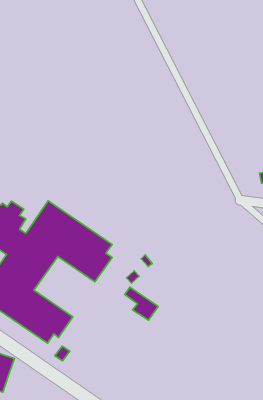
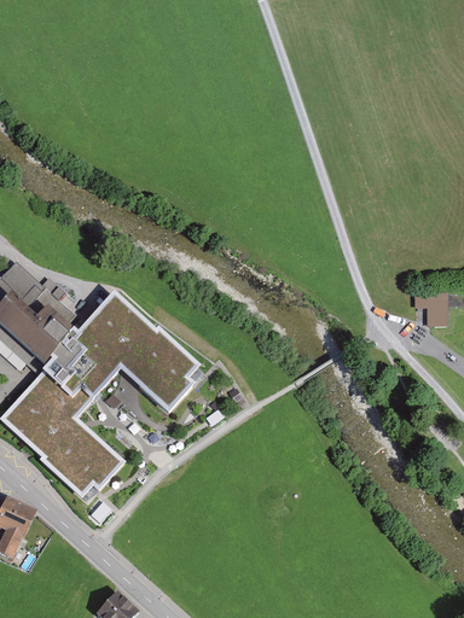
building: [125,287,158,320] -> none

